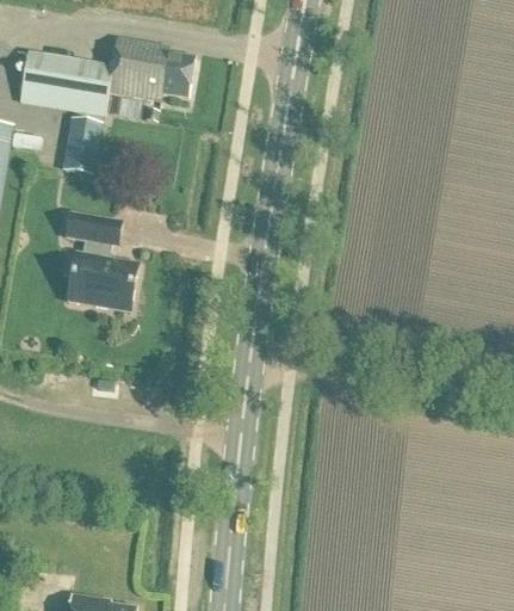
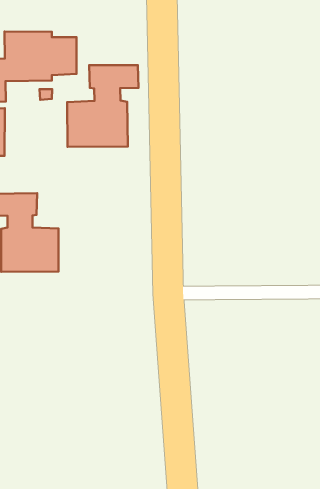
building: none -> [67,65,139,147]

